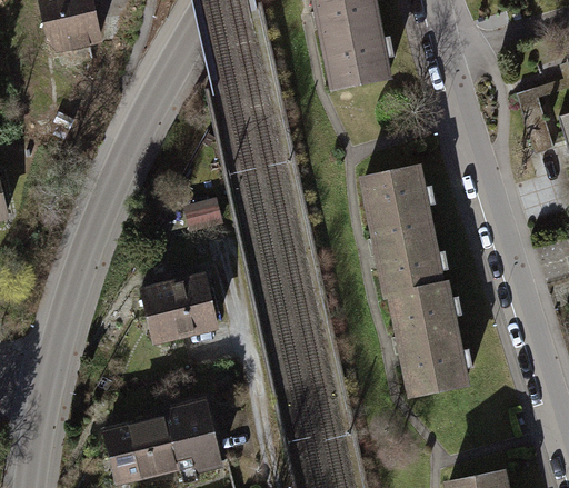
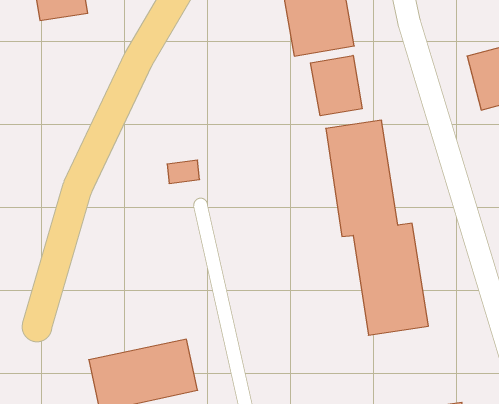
building: none -> [310,55,362,116]
building: [140,275,217,345] -> none

